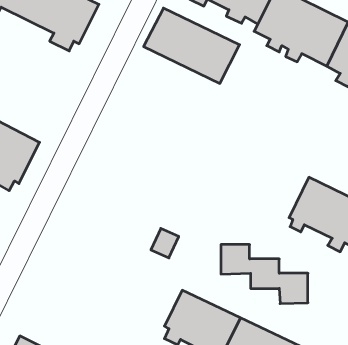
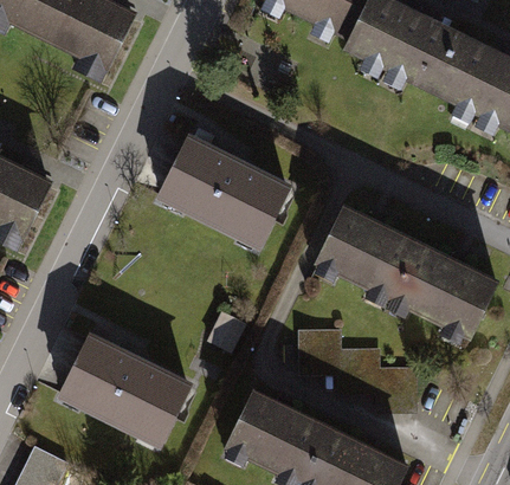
building: [144,8,240,83] -> [161,146,288,245]
building: none -> [318,205,417,299]
building: none -> [63,344,185,444]

